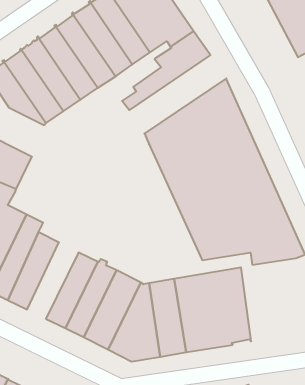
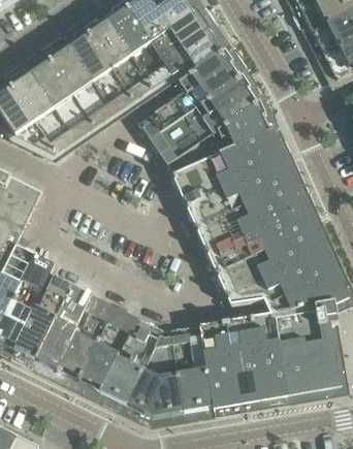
building: none -> [151,76,258,163]
building: none -> [37,284,94,368]
building: none -> [275,301,340,393]

